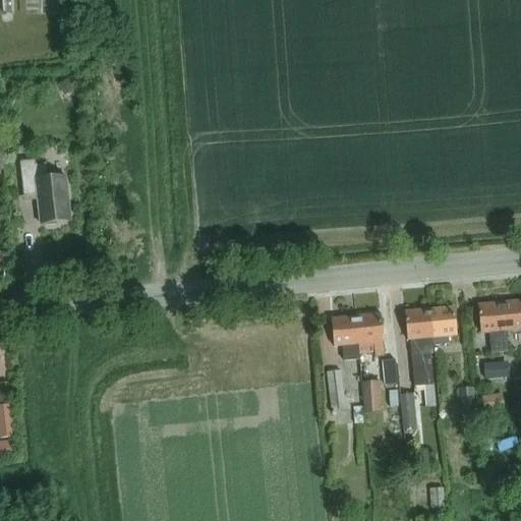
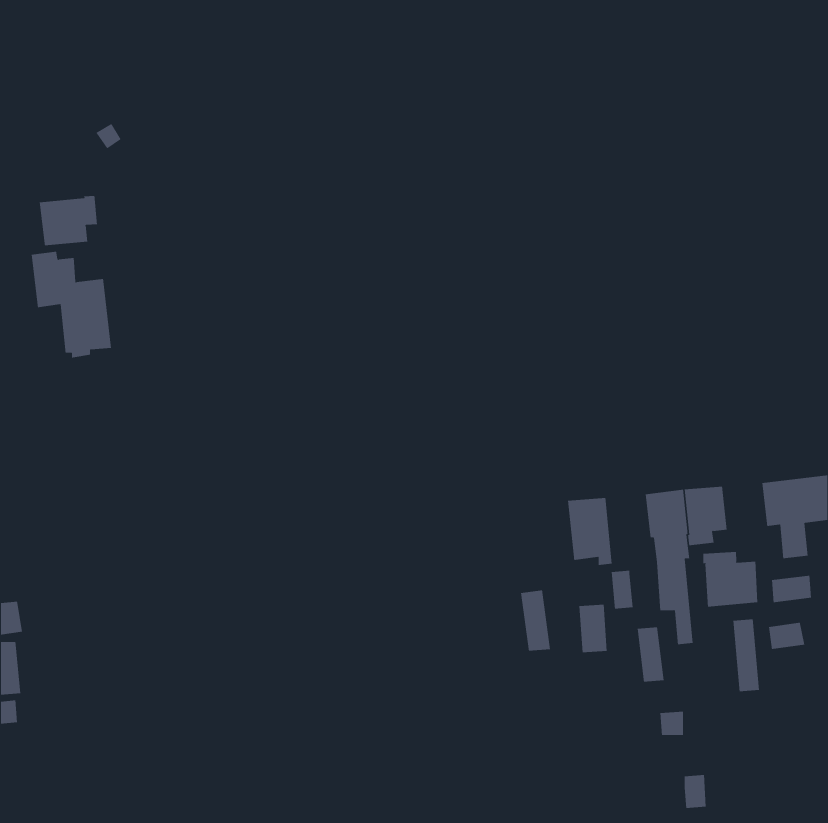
building: none -> [39,195,97,246]
building: [332,314,360,358] -> none
building: none -> [703,551,758,607]

